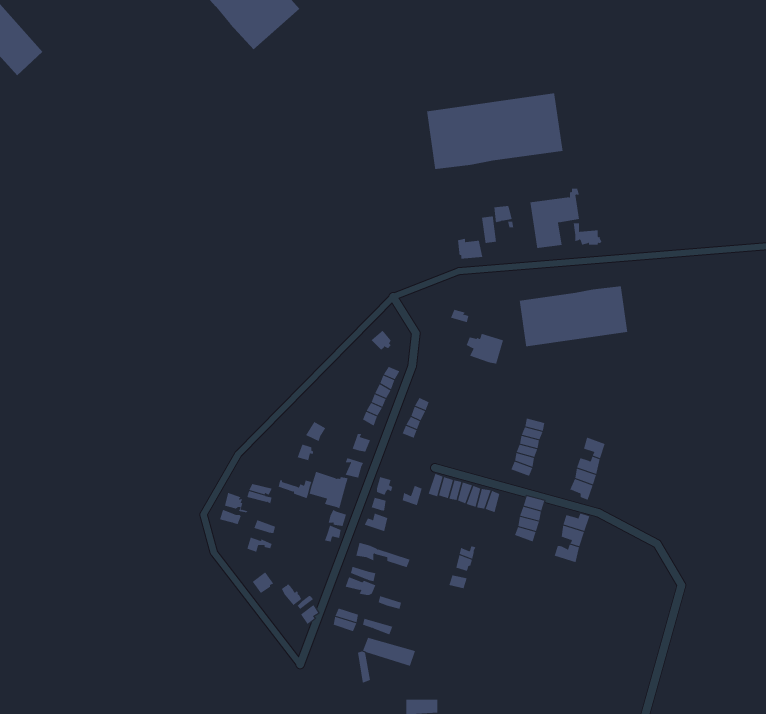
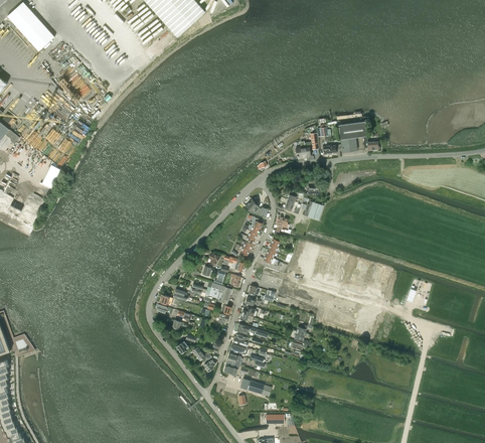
building: [427,93,563,170] -> none
building: [519,285,628,347] -> none

